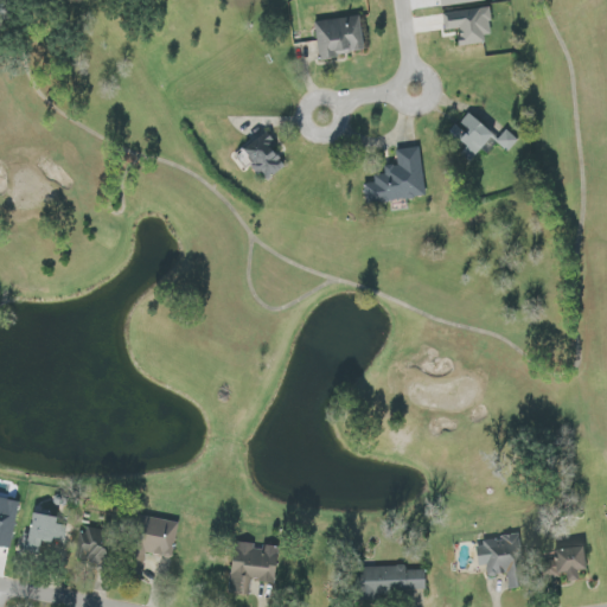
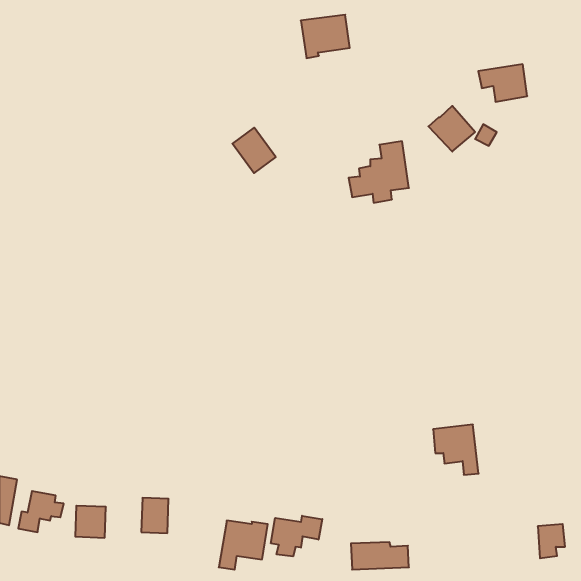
building: [441,6,492,45] -> [478,64,527,102]
building: [475,535,523,587] -> [433,425,479,475]
building: none -> [271,516,322,556]

